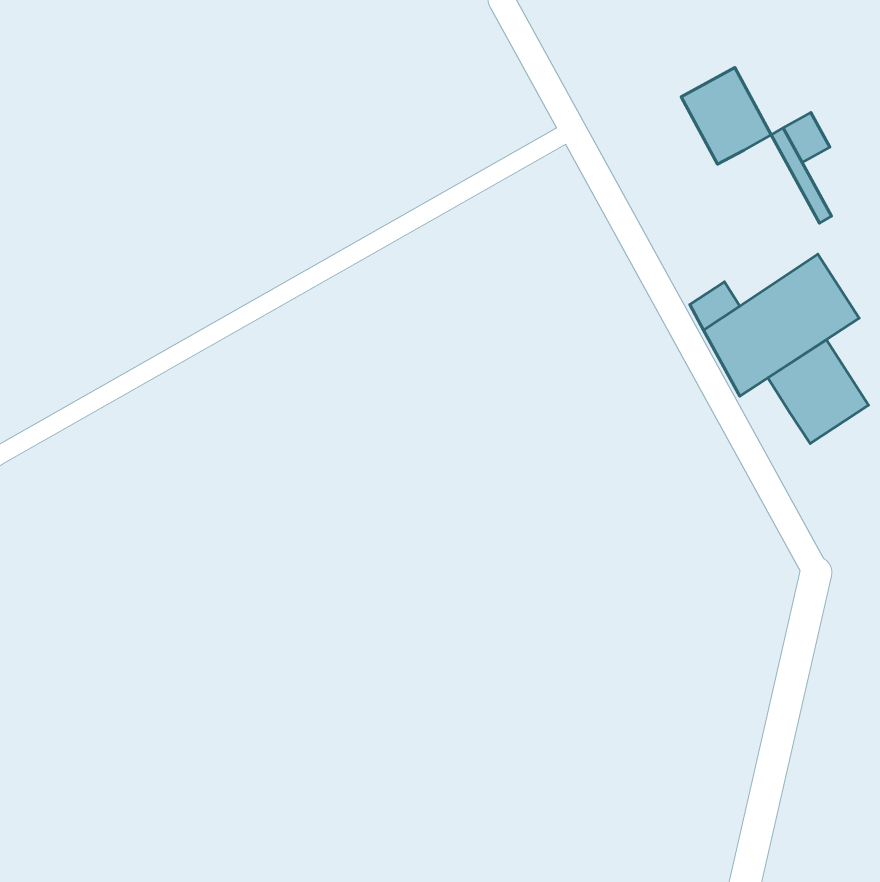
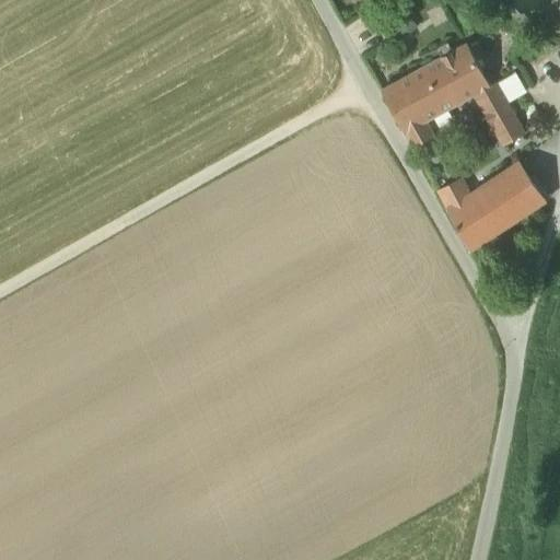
building: none -> [381,62,454,148]
building: none -> [470,86,518,149]
building: [768,340,869,443] -> none

